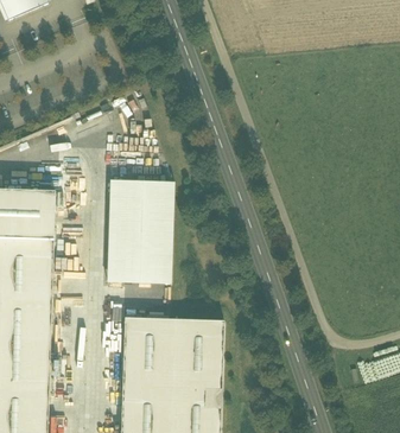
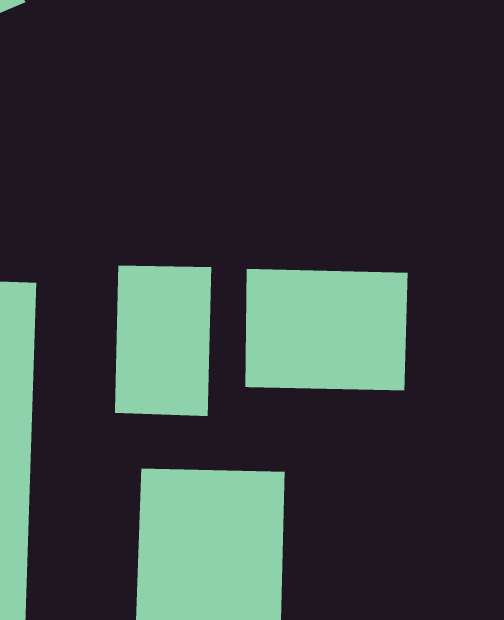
building: none -> [244,268,409,391]

